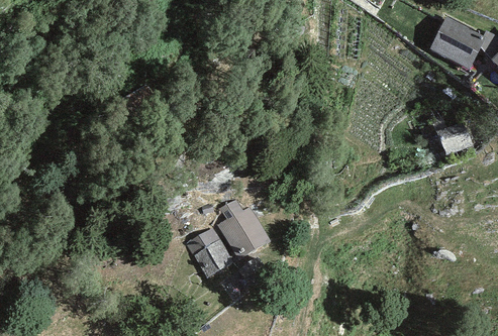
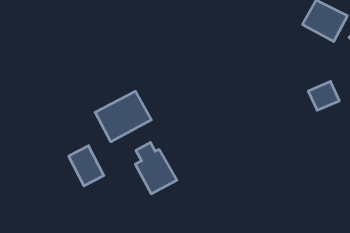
building: none -> [95,91,151,142]
building: [187,226,231,276] -> [69,146,104,186]

